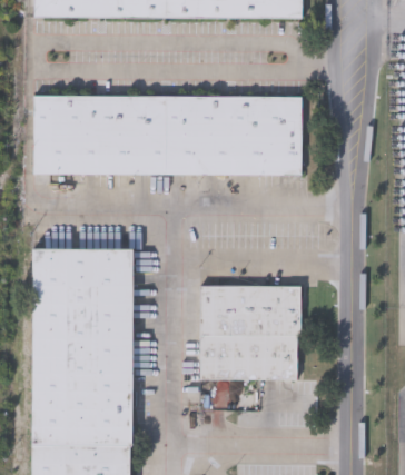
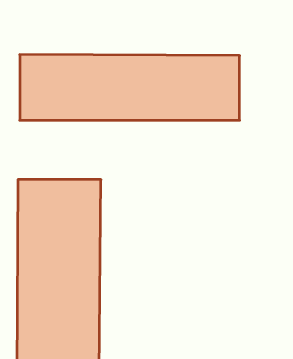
building: [200,285,300,380] -> none

